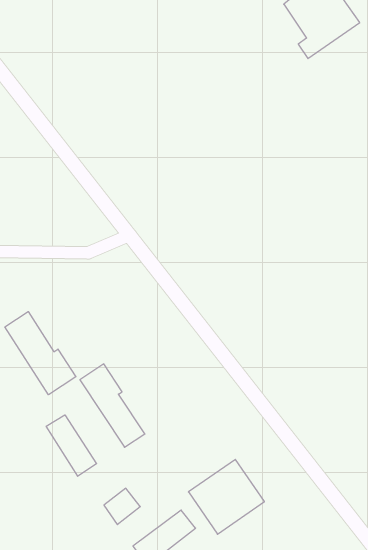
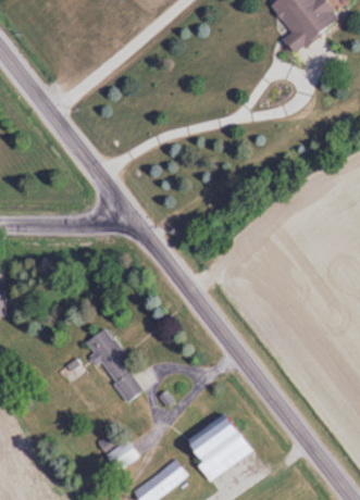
building: [5,312,76,395] -> none
building: [46,415,97,476] -> none

